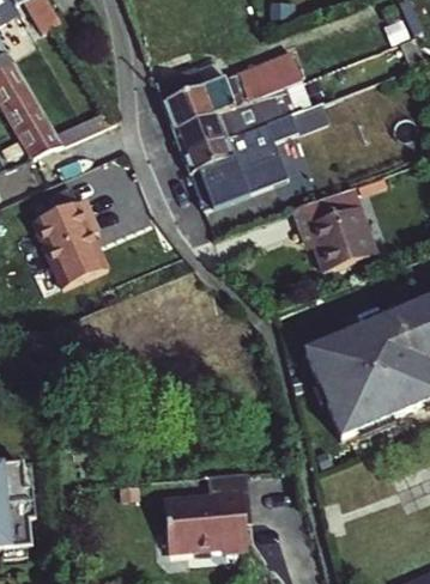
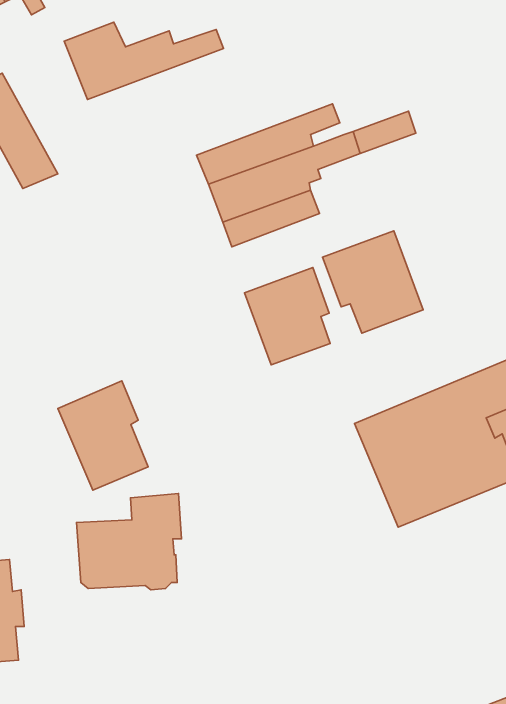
building: [156,65,286,128] -> [64,22,223,99]
building: [24,199,98,288] -> [58,381,148,490]
building: none -> [245,267,330,365]
building: [166,469,253,548] -> [76,493,182,590]

